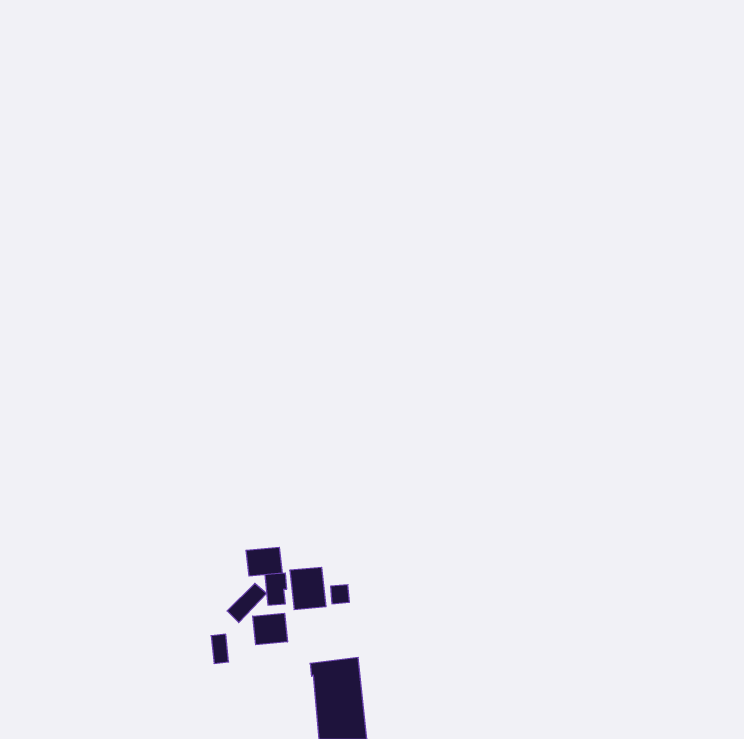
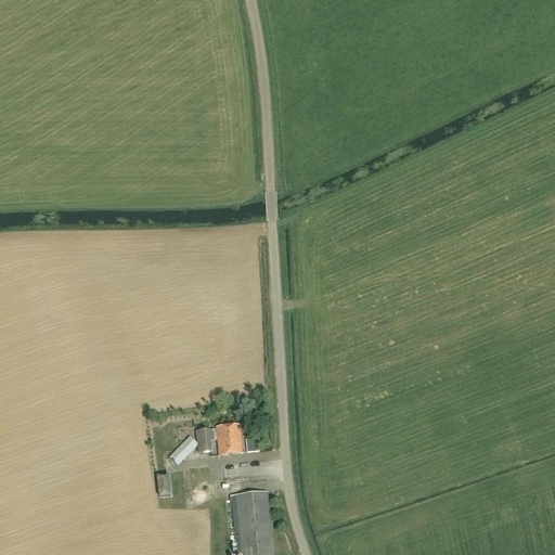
building: [246,547,282,576] -> none
building: [253,613,287,645] -> none

